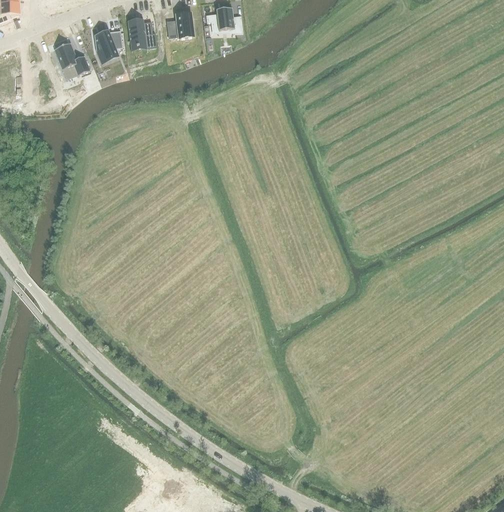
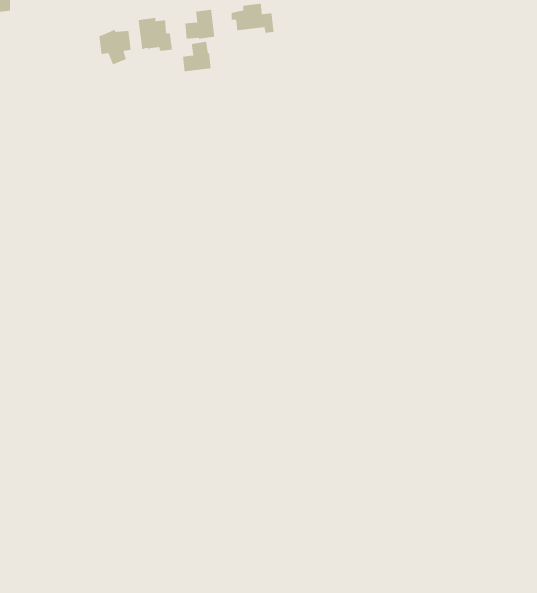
building: none -> [182,41,212,72]
building: [53,41,89,78] -> none

